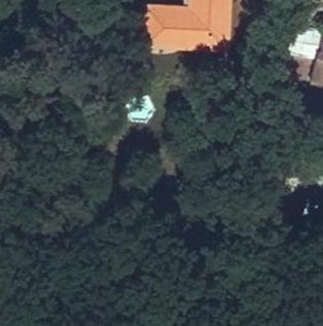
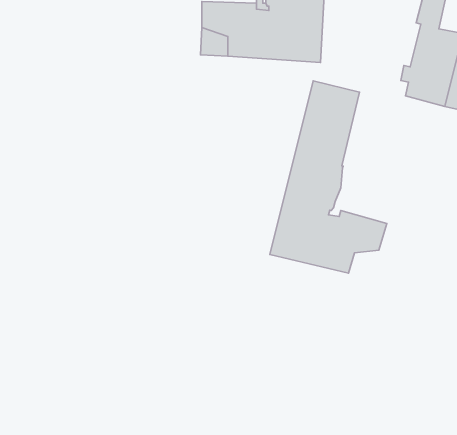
building: none -> [270,81,387,273]

